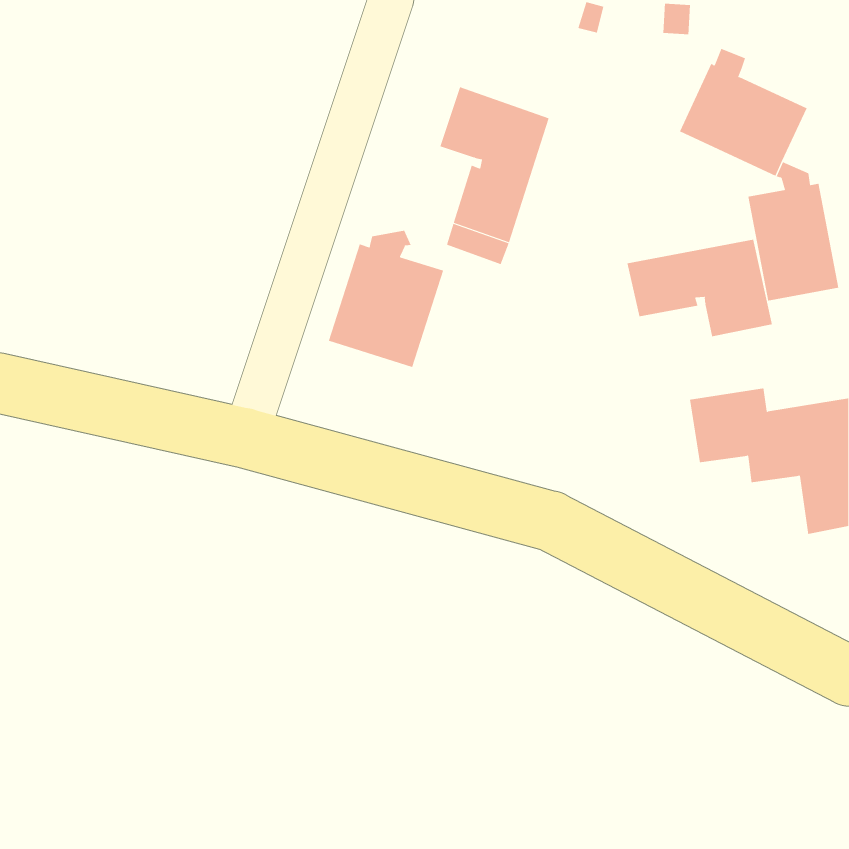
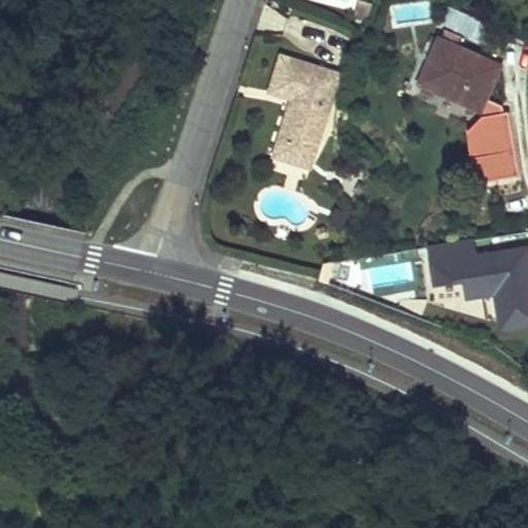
building: [328,230,444,368] -> none
building: [627,239,773,337] -> none

